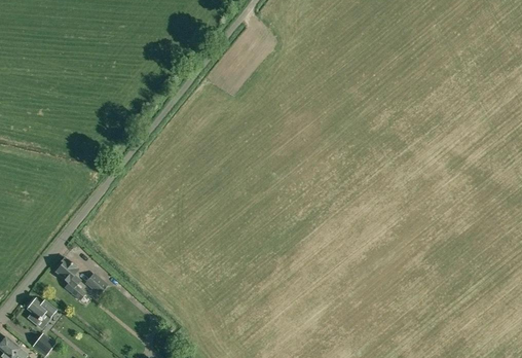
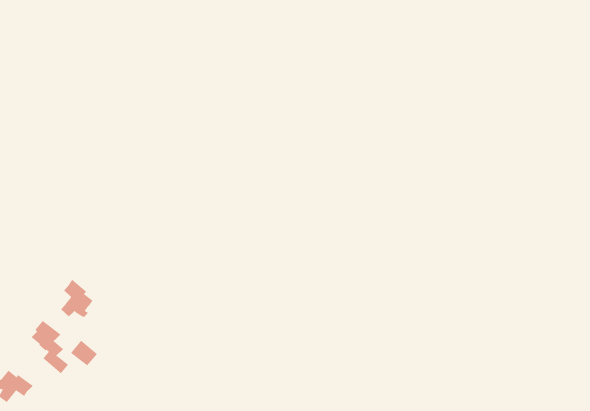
building: none -> [60,279,93,318]

